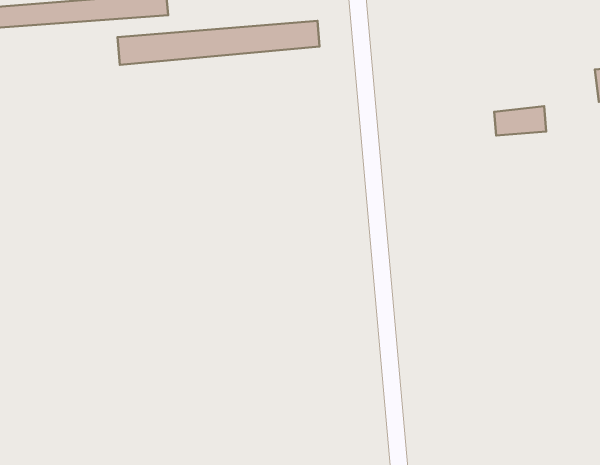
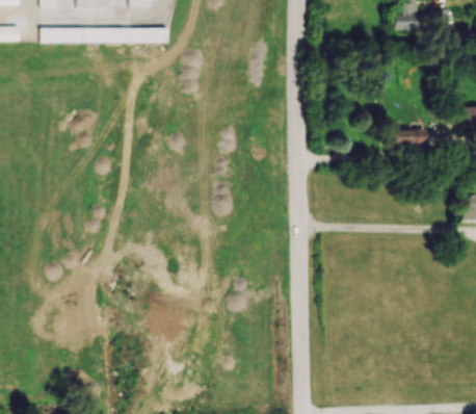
building: [118,21,319,65] -> none

